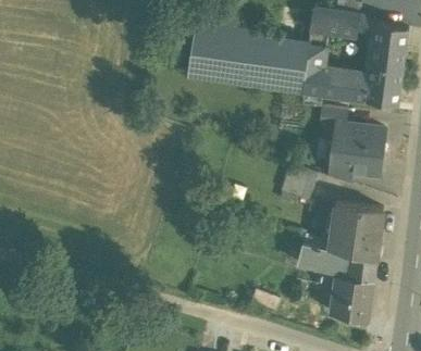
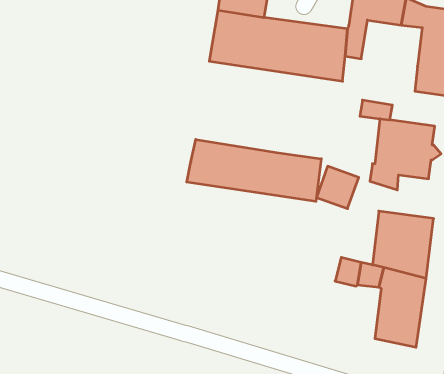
building: [304,68,369,99] -> none
building: none -> [187,139,321,201]

